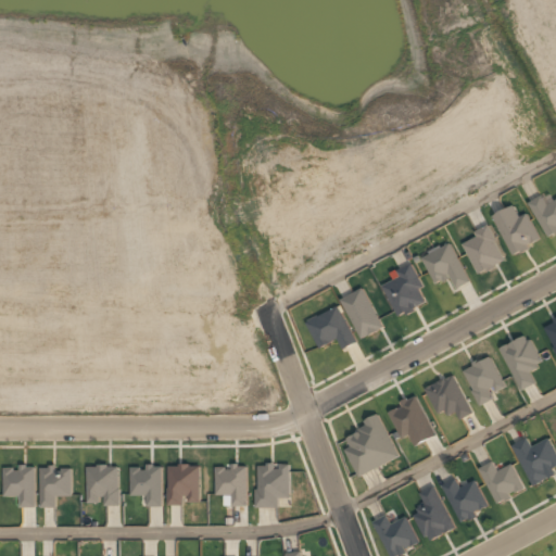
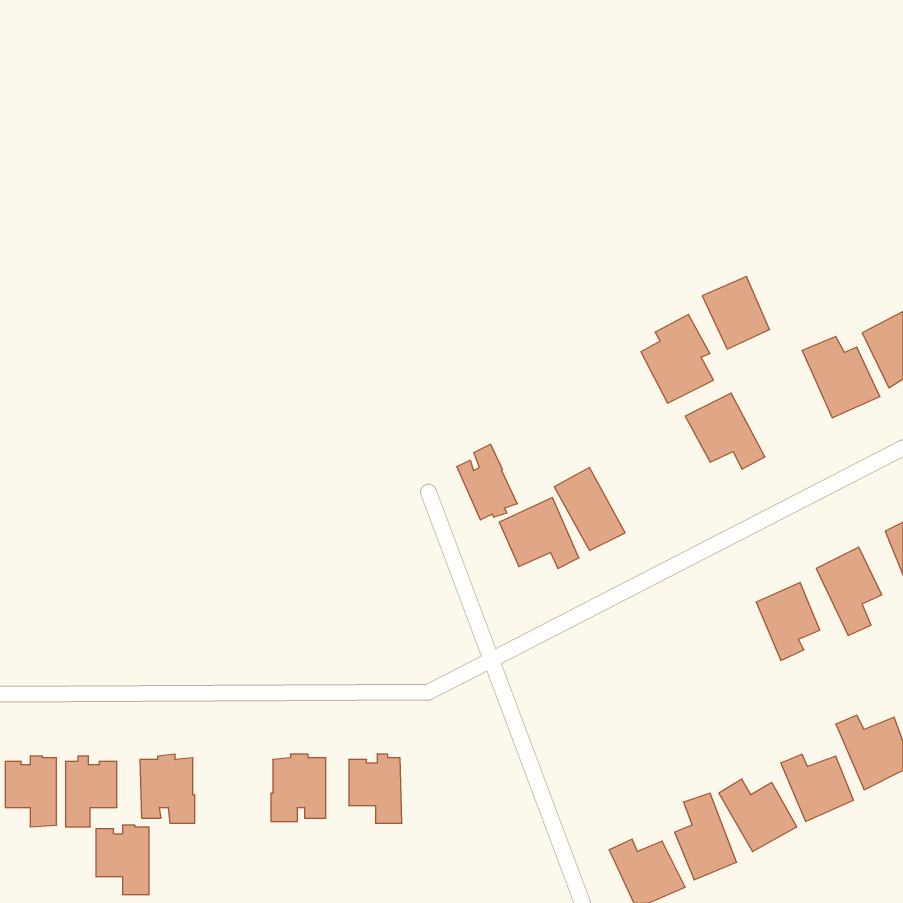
building: [463,228,504,273] -> [702,276,770,349]
building: [381,262,426,316] -> [641,315,713,403]
building: none -> [457,444,517,520]
building: [425,375,471,419] -> none
building: [386,396,434,446] -> none
building: [345,413,399,476] -> none
building: [254,462,289,506] -> none
building: [129,464,162,506] -> [96,825,149,894]

